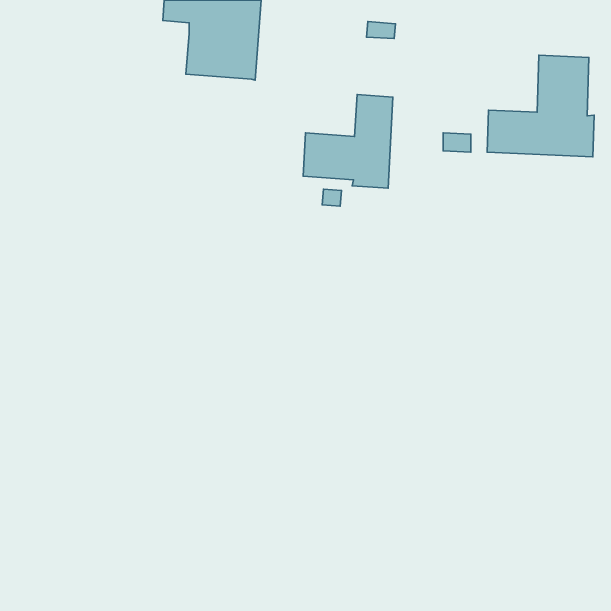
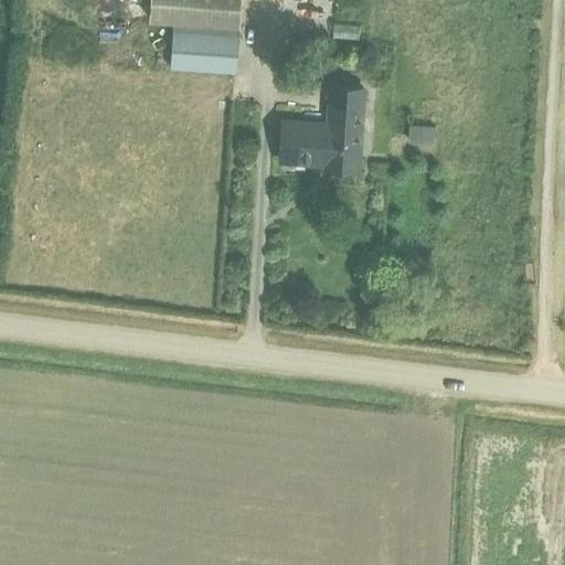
building: [487,55,594,157] -> none

